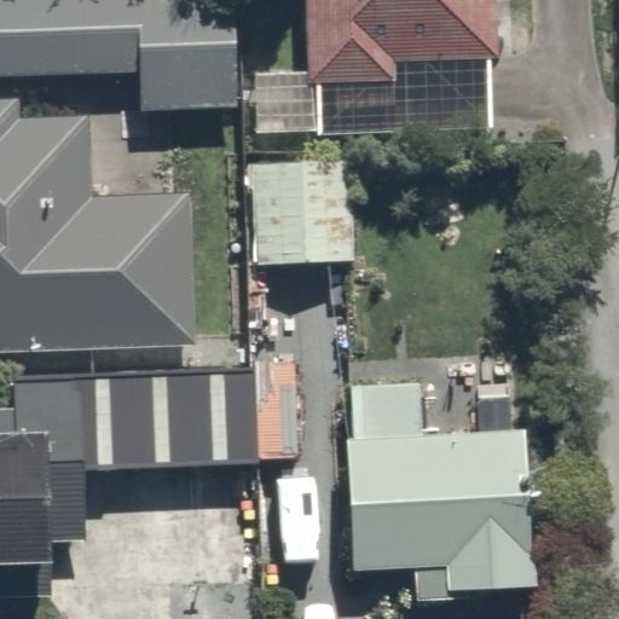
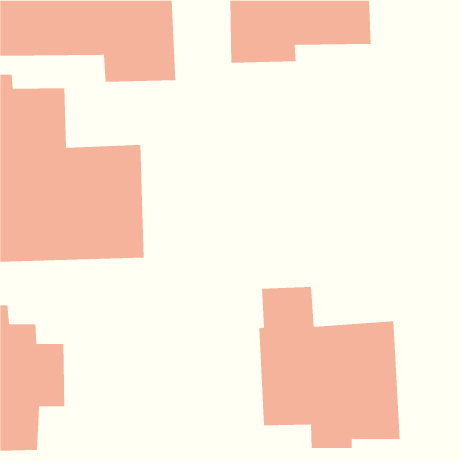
building: [254,156,349,264] -> none
building: [13,369,258,461] -> none

